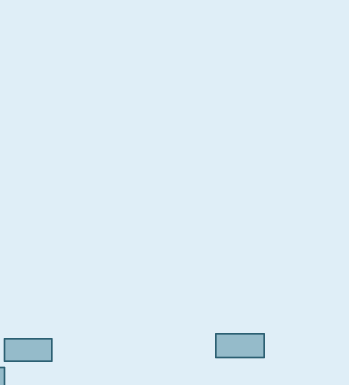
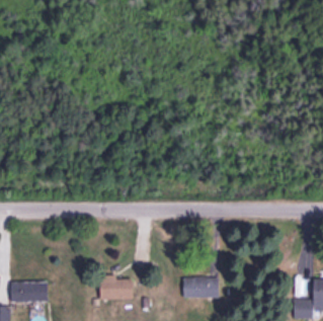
building: none -> [100,278,135,300]

